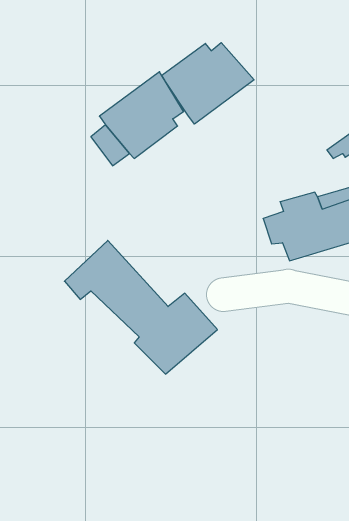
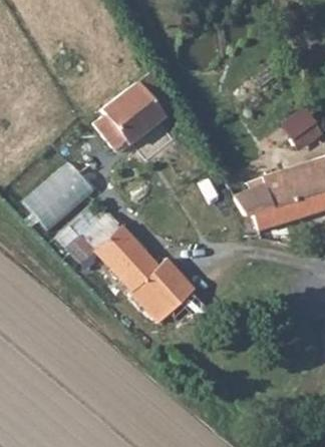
building: [162,43,254,124] -> none
building: none -> [29,165,92,227]

